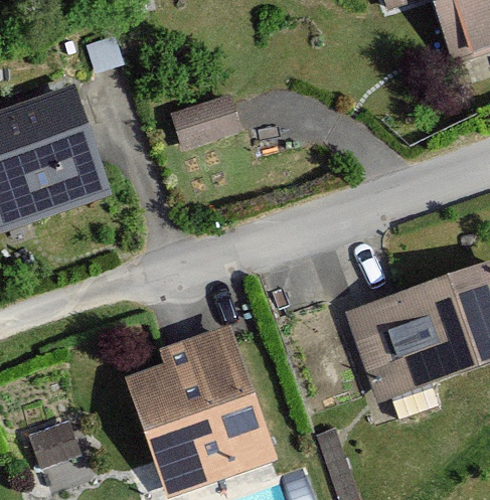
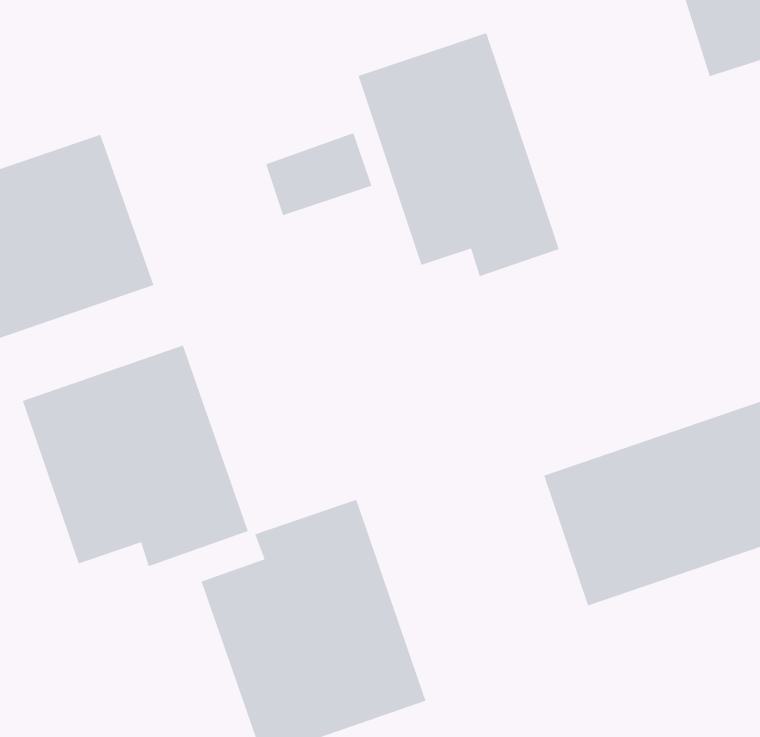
building: none -> [358,32,560,277]
building: none -> [22,345,249,567]

